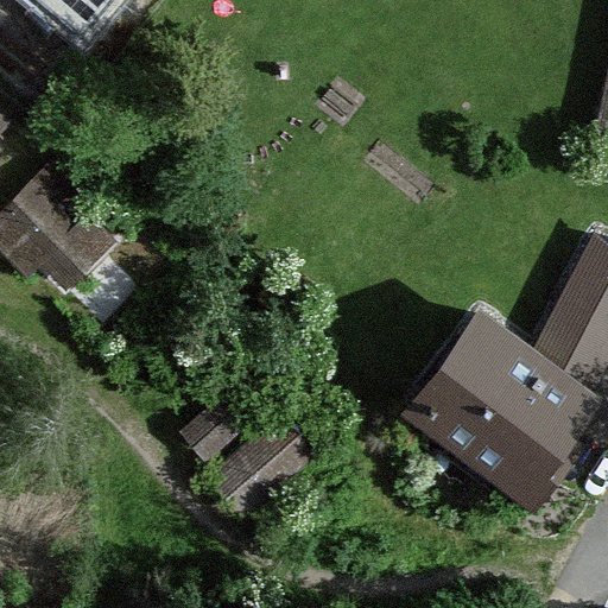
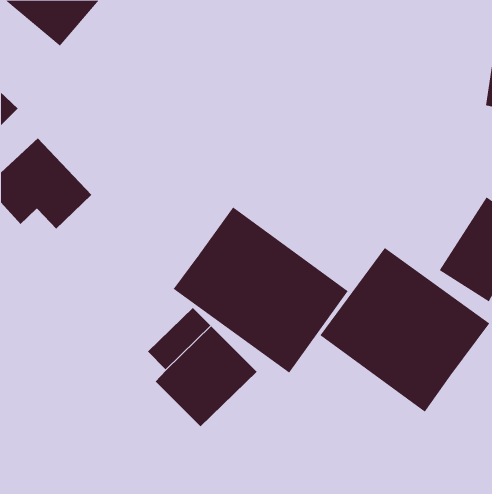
building: none -> [173,206,348,373]

